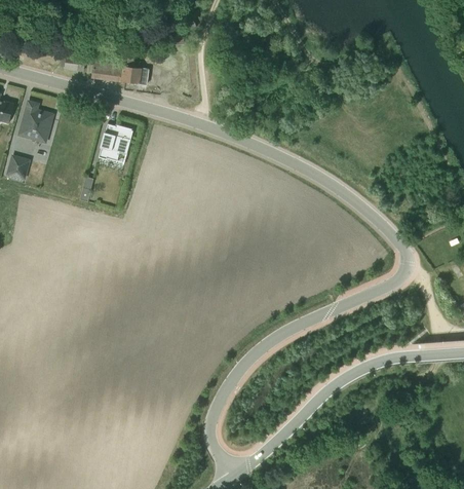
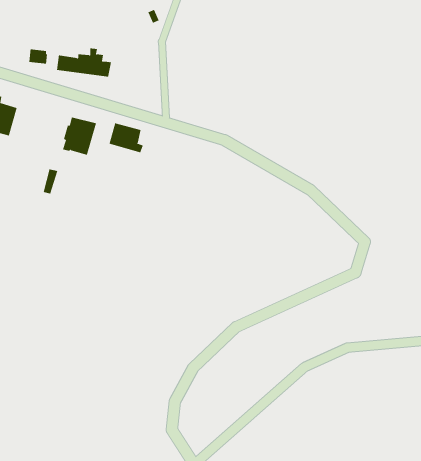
building: none -> [109,123,143,153]

